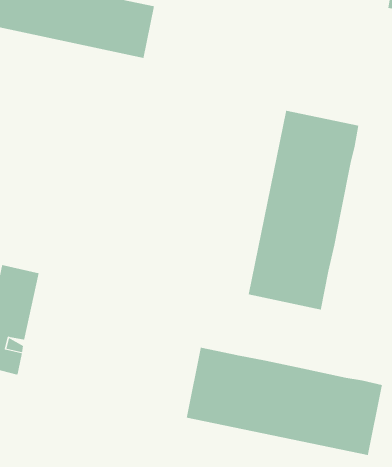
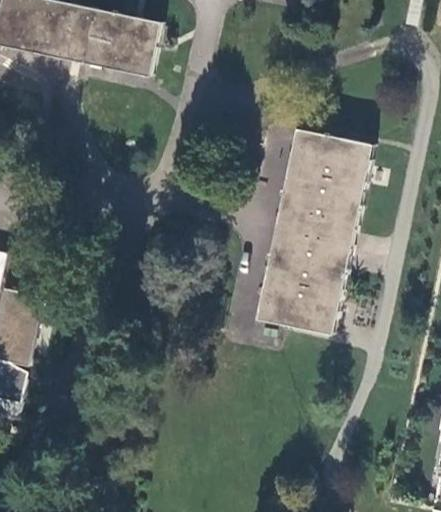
building: [186,347,382,456] -> none

